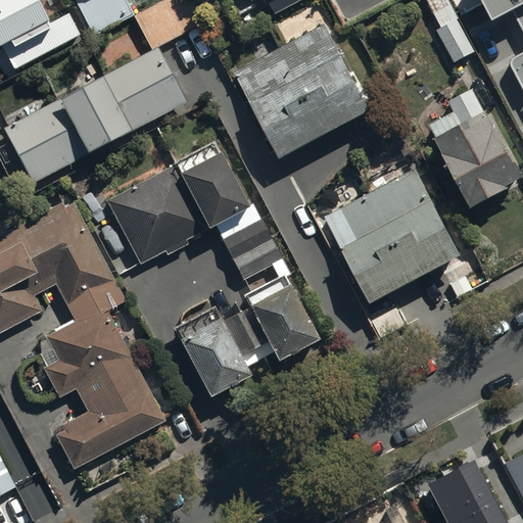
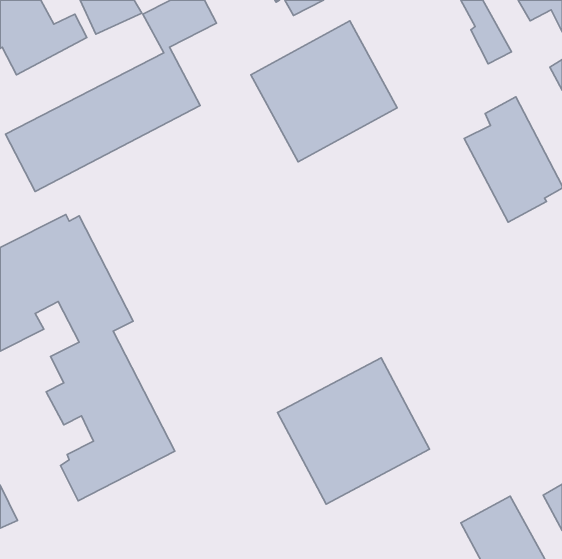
building: [106,148,317,392] -> none
building: [323,165,462,298] -> none
building: none -> [278,358,430,504]

